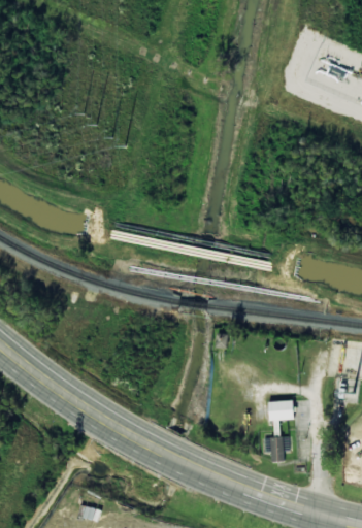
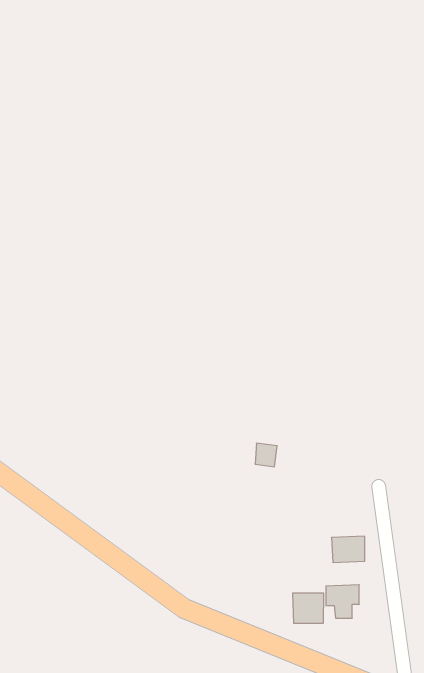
building: none -> [293,593,323,623]

